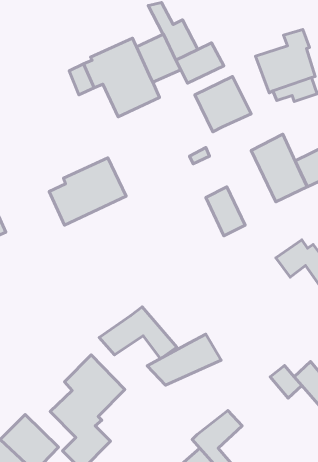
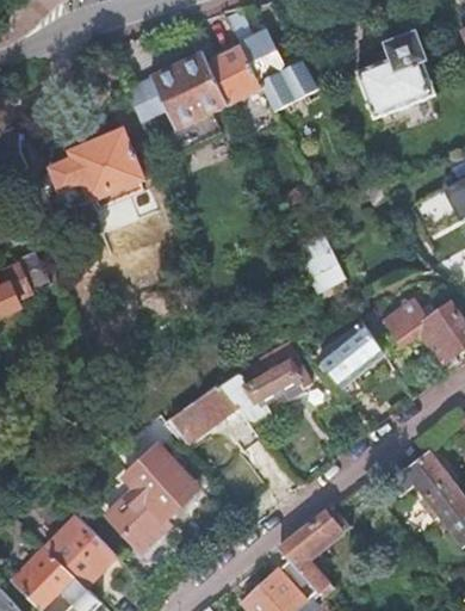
building: [195,76,251,132] -> none
building: [251,134,307,202] -> none
building: [49,158,126,225] -> [50,130,145,214]
building: none -> [316,320,385,384]
building: [147,334,221,385] -> [221,341,312,405]

